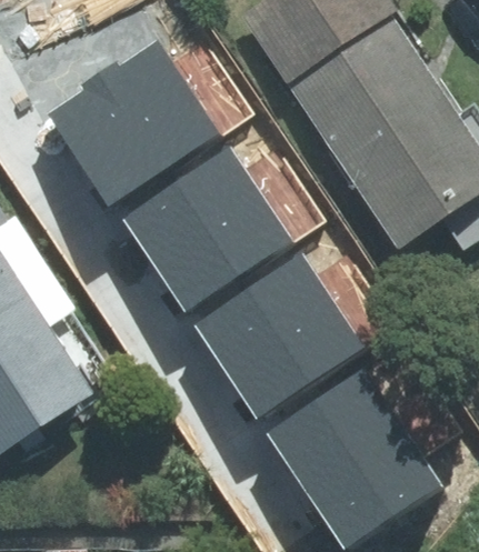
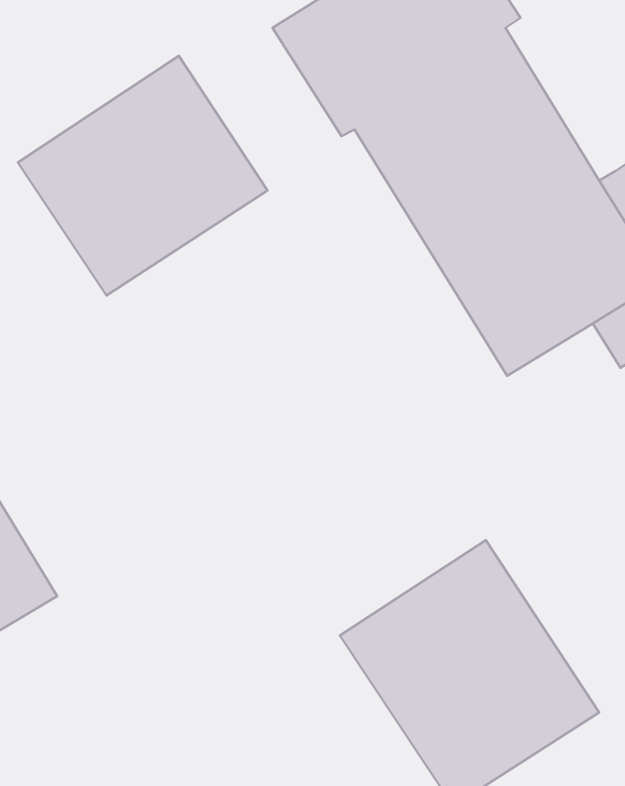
building: [124,144,293,307] -> none
building: [194,251,363,413] -> none

